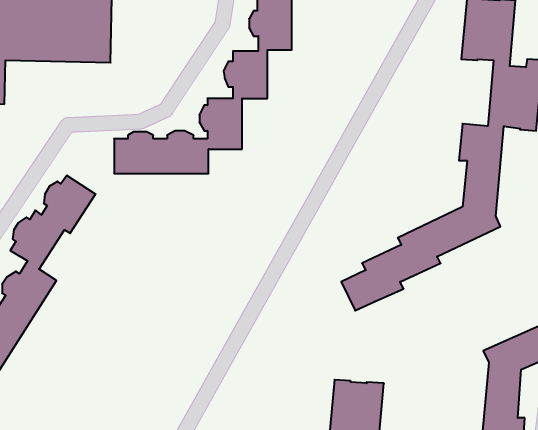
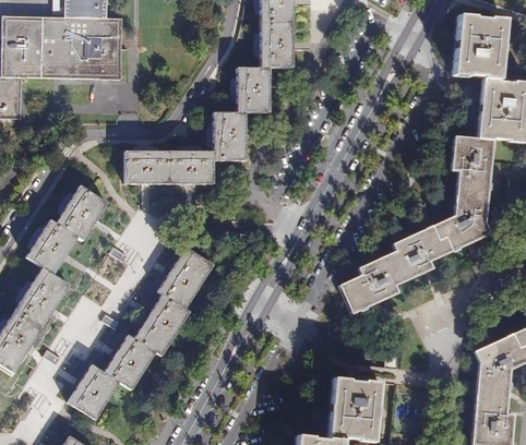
building: none -> [68,246,214,419]

